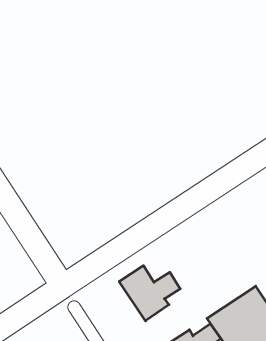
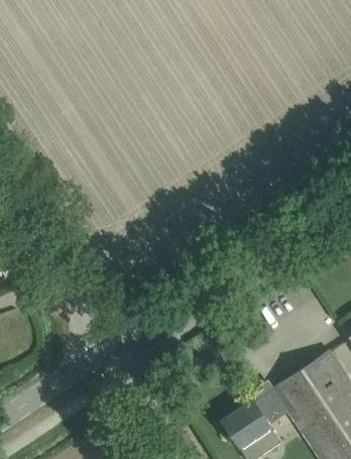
building: [119,266,180,321] -> none

